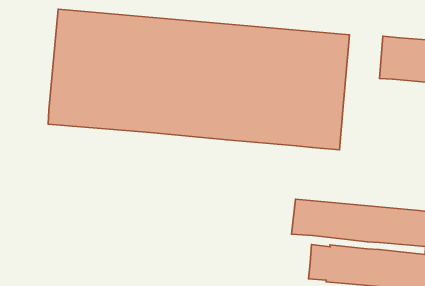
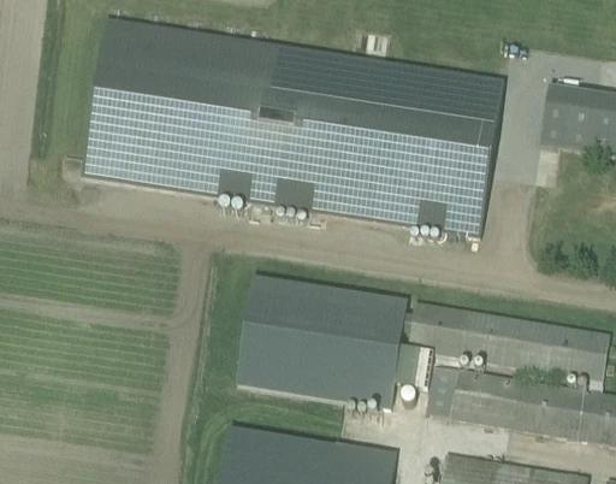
building: none -> [236,277,436,407]

